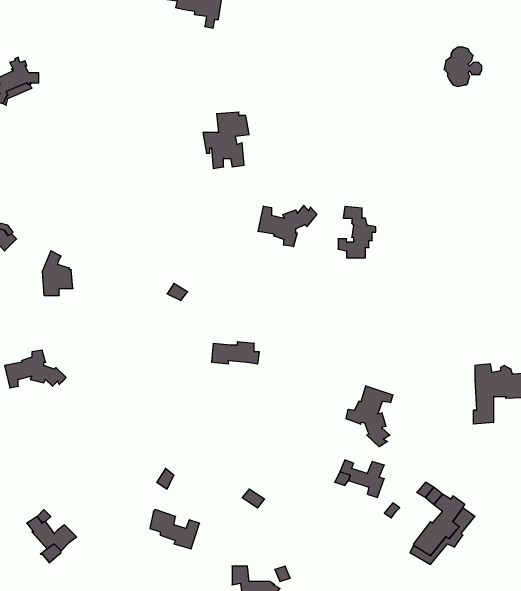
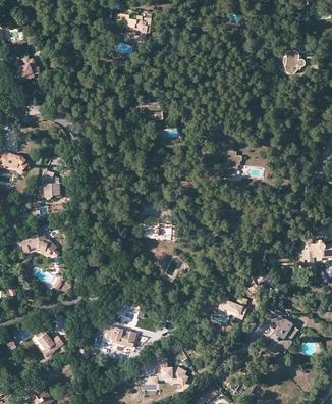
building: [258,205,317,247] -> none
building: [346,386,393,447] -> none

